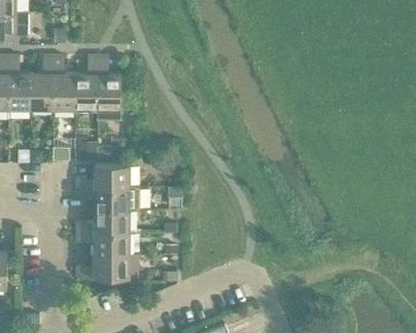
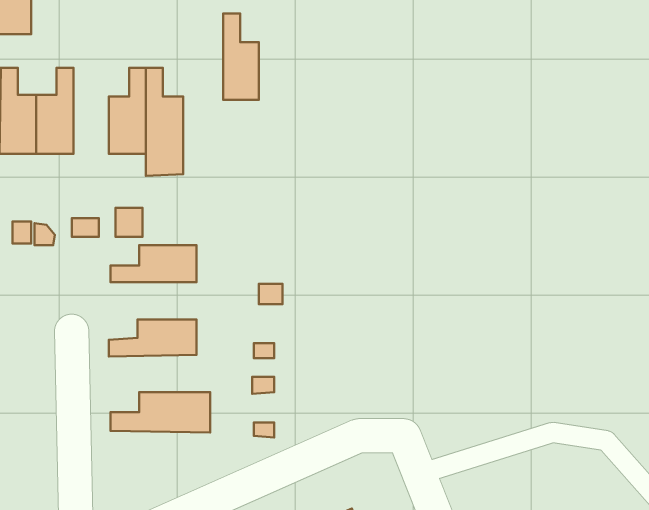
building: [54,57,75,109] -> [223,14,259,100]
building: [76,187,129,210] -> none
building: [75,231,137,254] -> none

